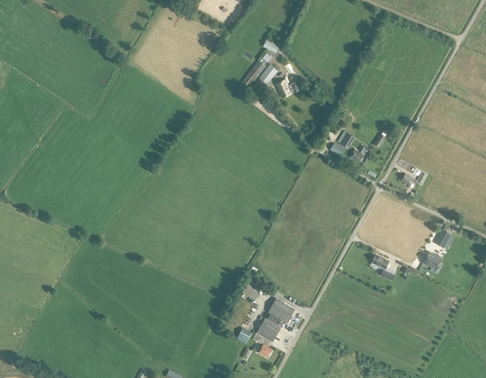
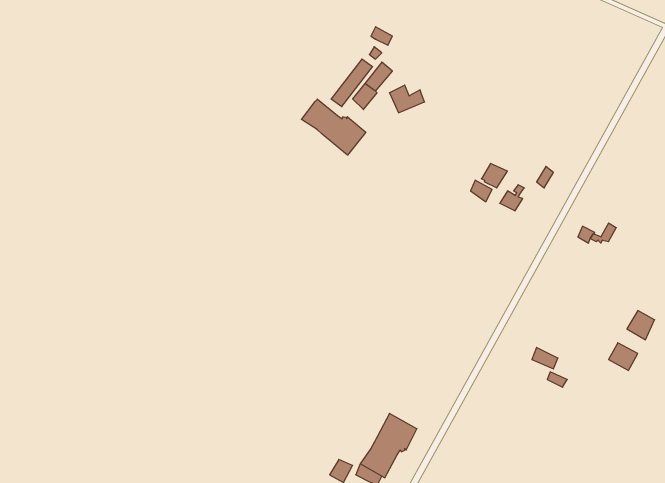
building: none -> [301,99,366,155]

